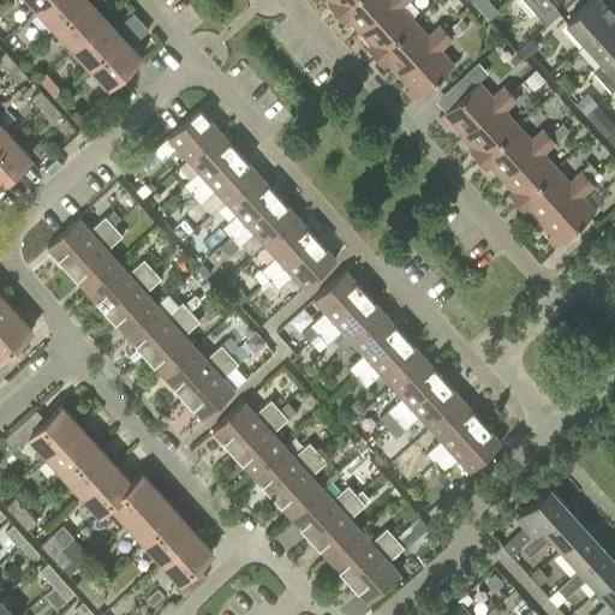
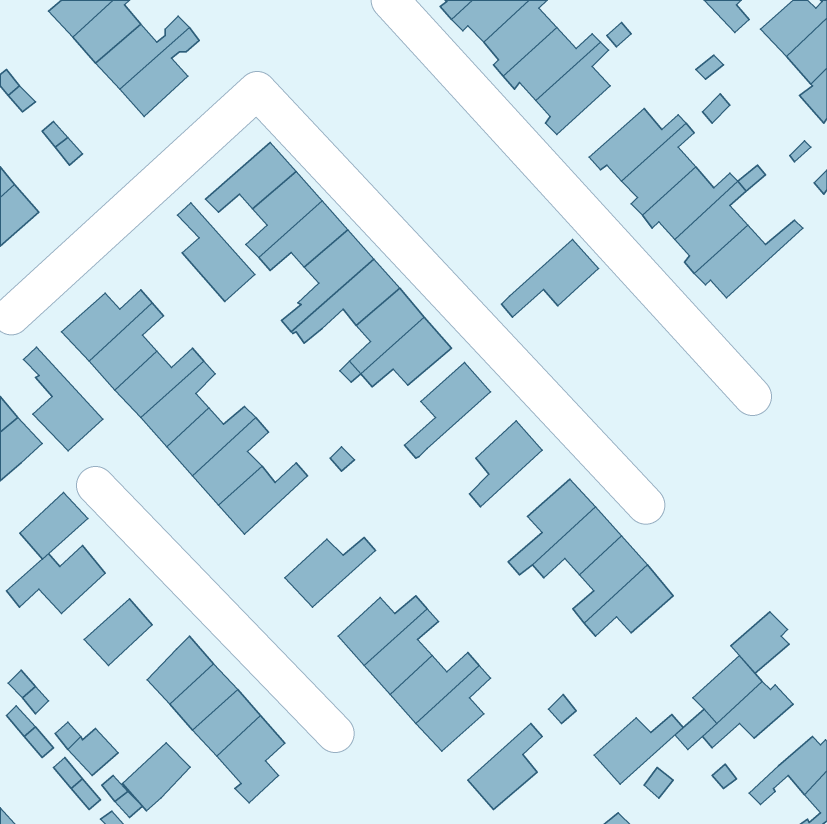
building: none -> [178,203,255,302]
building: [539,169,605,249] -> none
building: none -> [23,347,103,451]
building: [311,293,383,351] -> [501,239,598,317]
building: [357,336,423,388] -> none
building: [181,356,238,420] -> none
building: [232,411,287,474] -> none
building: [46,428,96,477] -> [20,493,88,559]
building: [80,466,131,517] -> [122,743,190,811]
building: [560,525,603,571] -> [731,612,789,673]
building: [328,530,394,581] -> [594,715,683,784]

